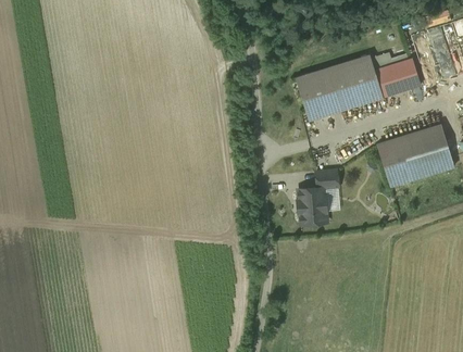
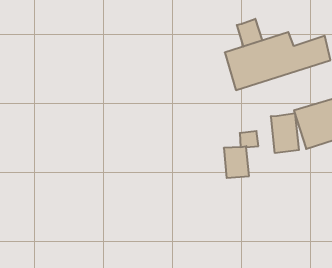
building: none -> [237,19,262,47]
building: none -> [271,113,299,153]

